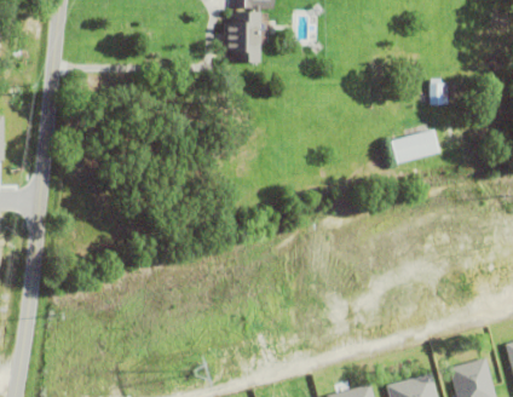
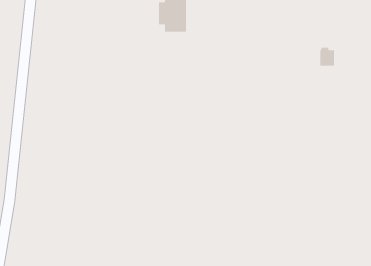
building: [394,132,442,162] -> none

